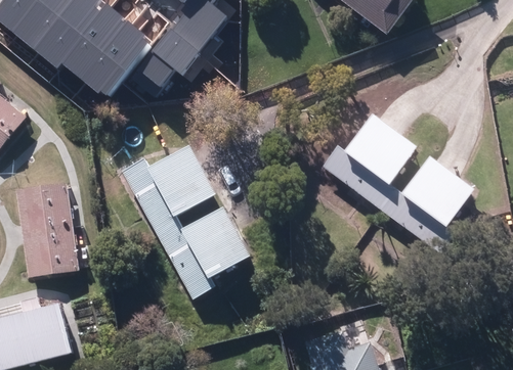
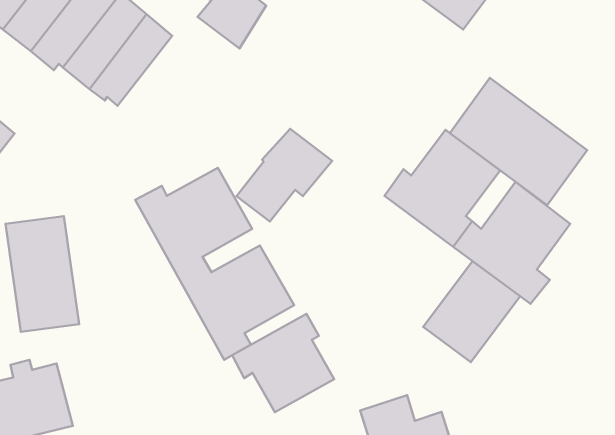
building: [130,24,207,98] -> [237,129,332,222]
building: none -> [450,78,587,205]
building: none -> [423,261,520,362]
building: none -> [232,314,334,412]

